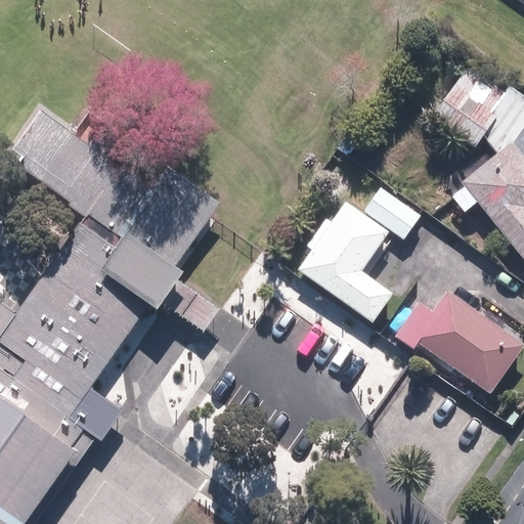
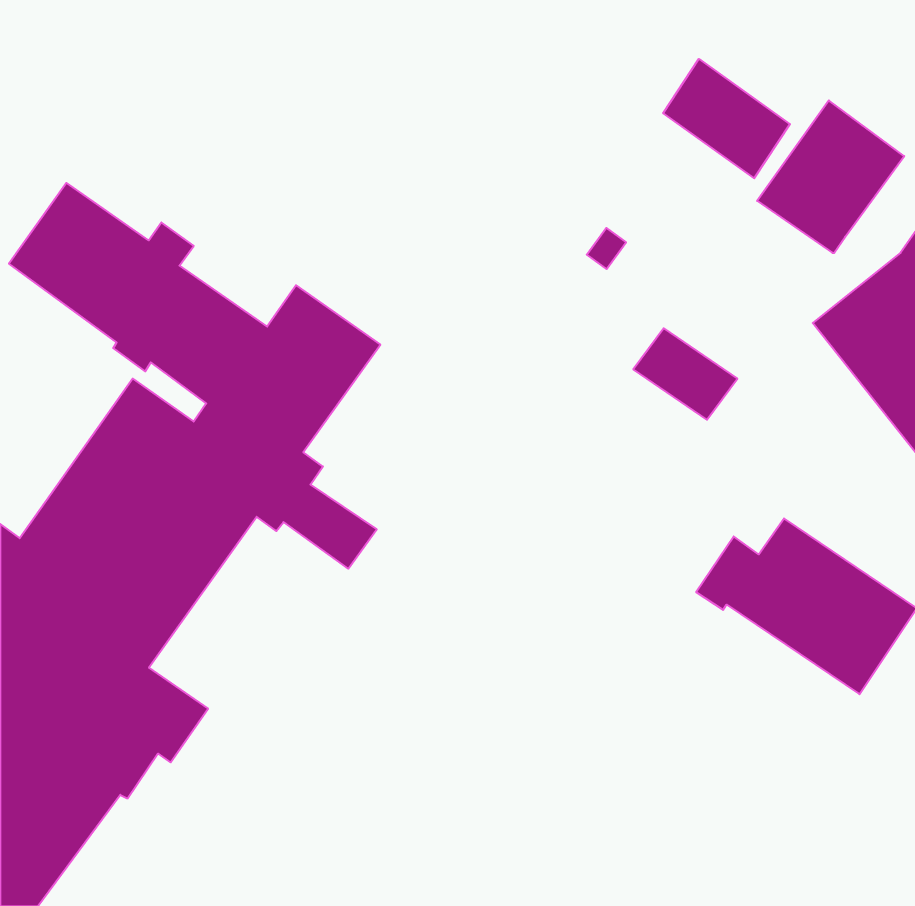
building: none -> [663,59,790,178]
building: [298,204,395,324] -> none

